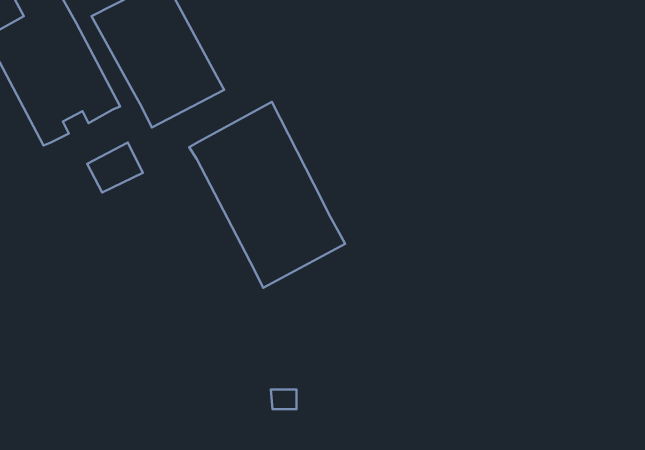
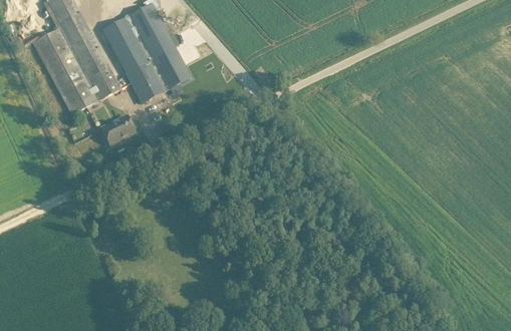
building: [189,102,345,288] -> none

